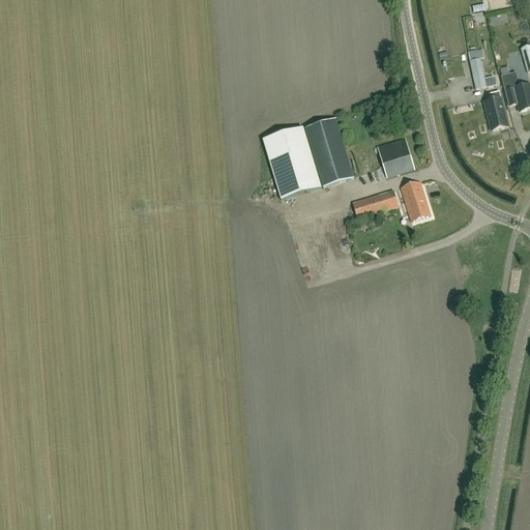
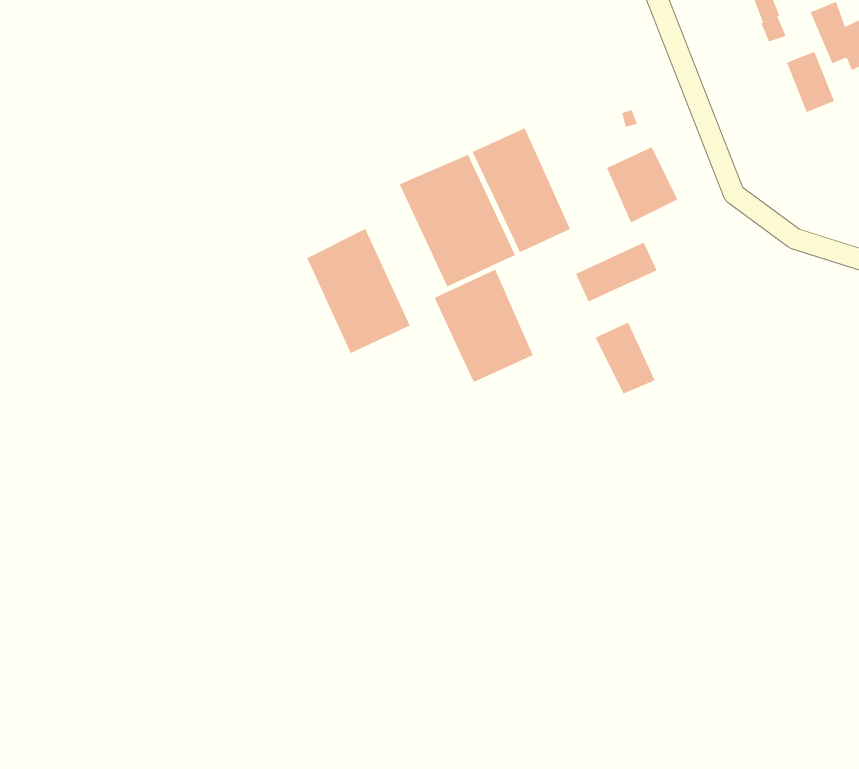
building: none -> [306,228,411,354]
building: [400,179,430,218] -> [595,322,655,394]
building: none -> [434,269,534,383]

